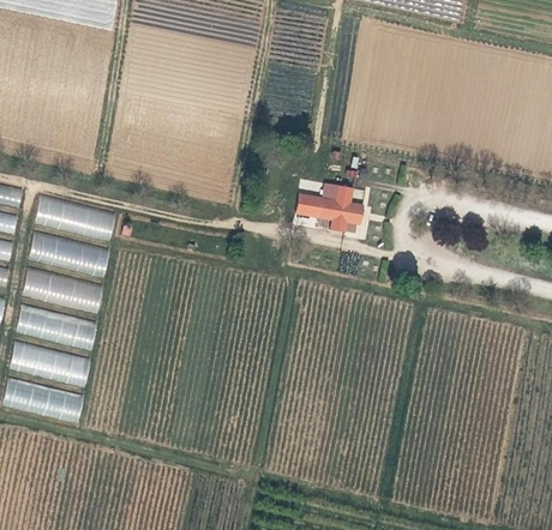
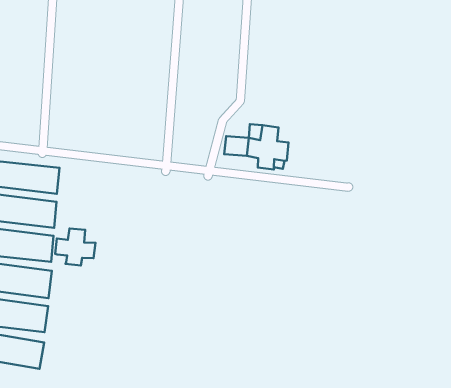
building: none -> [55,228,95,265]

